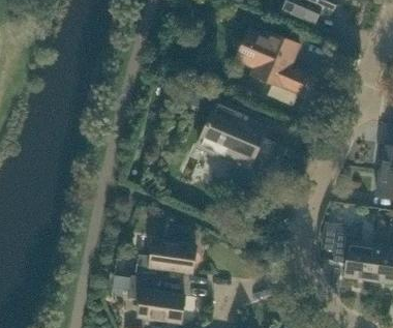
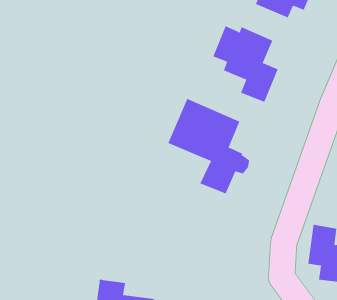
building: [135,240,195,280] -> none

